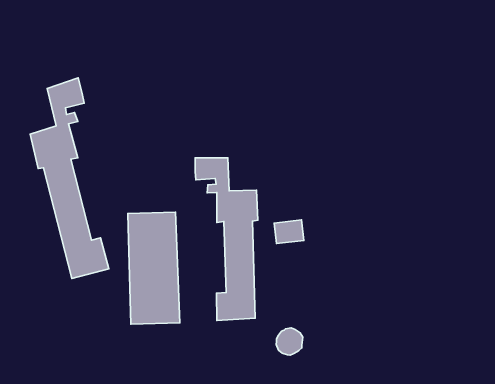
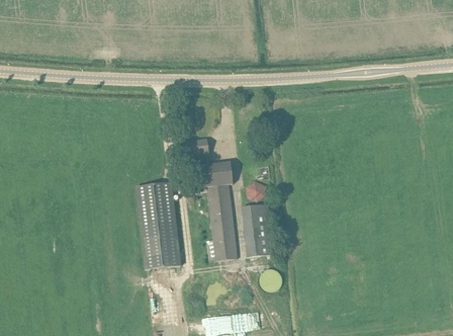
building: [30,78,109,279] -> none
building: none -> [242,203,275,257]

